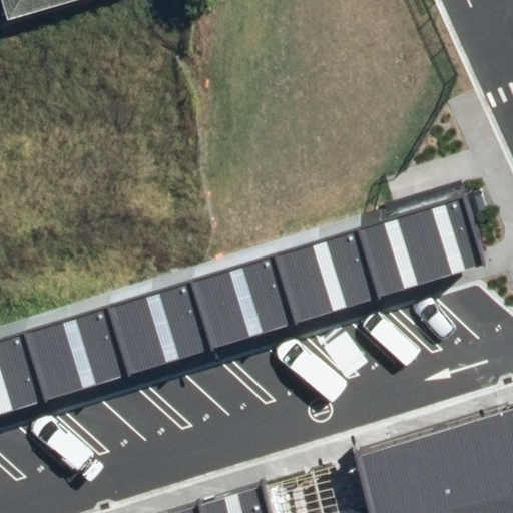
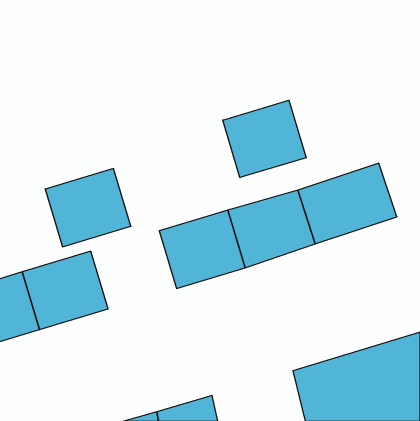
building: none -> [223,100,306,178]
building: [110,281,214,376] -> [45,169,131,247]

